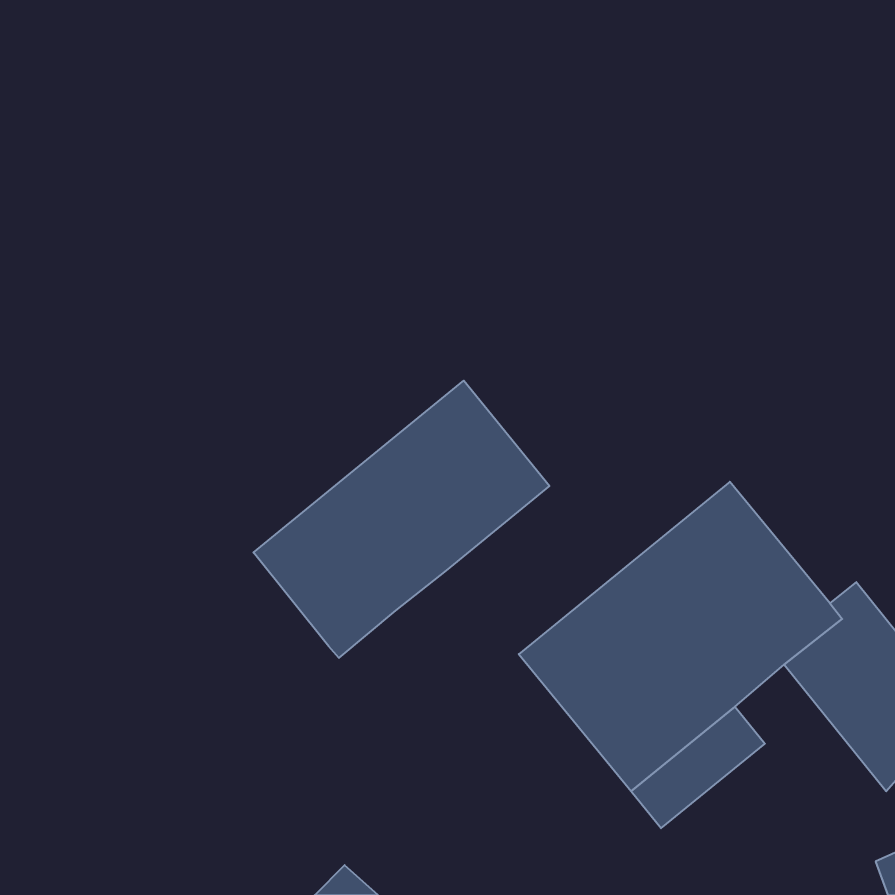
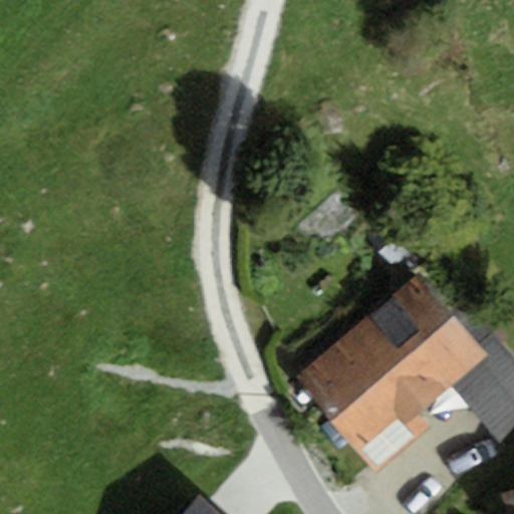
building: [253,381,549,658] -> none

